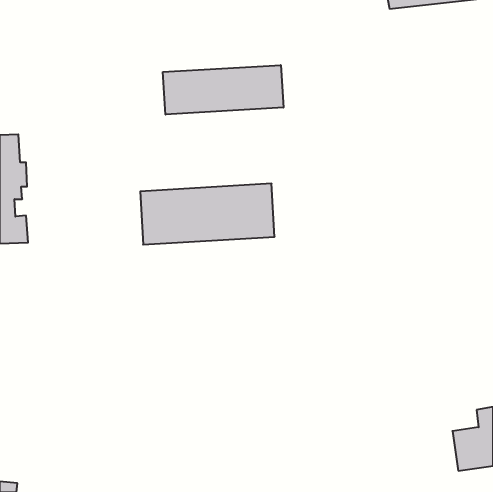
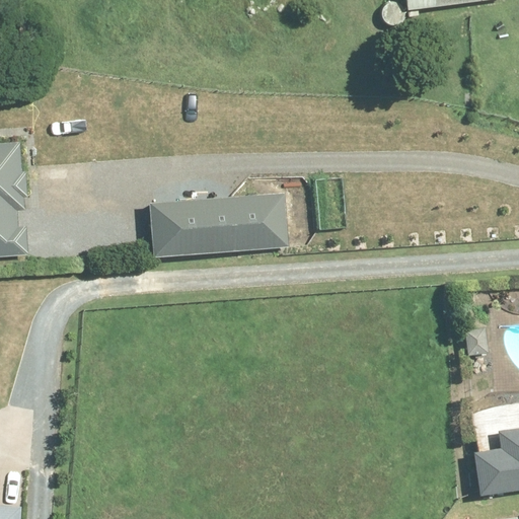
building: [163,65,283,115] -> none

